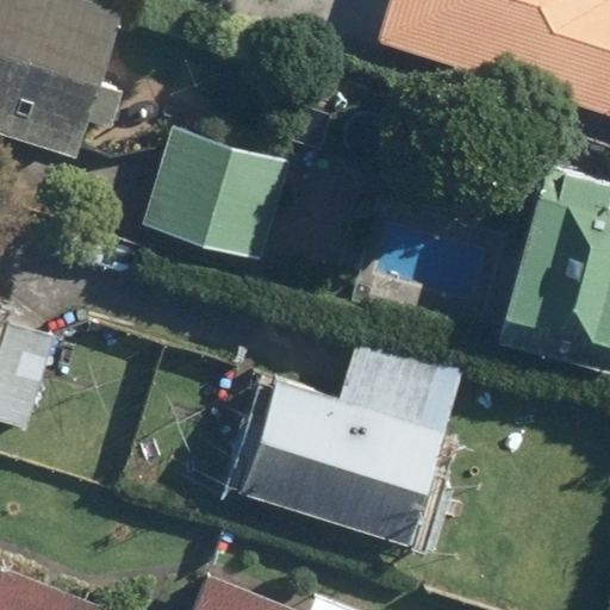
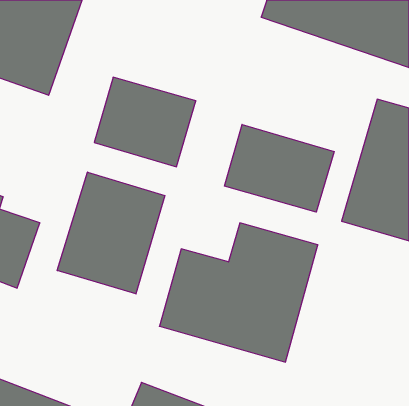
building: none -> [225,124,334,212]
building: none -> [57,172,165,294]

